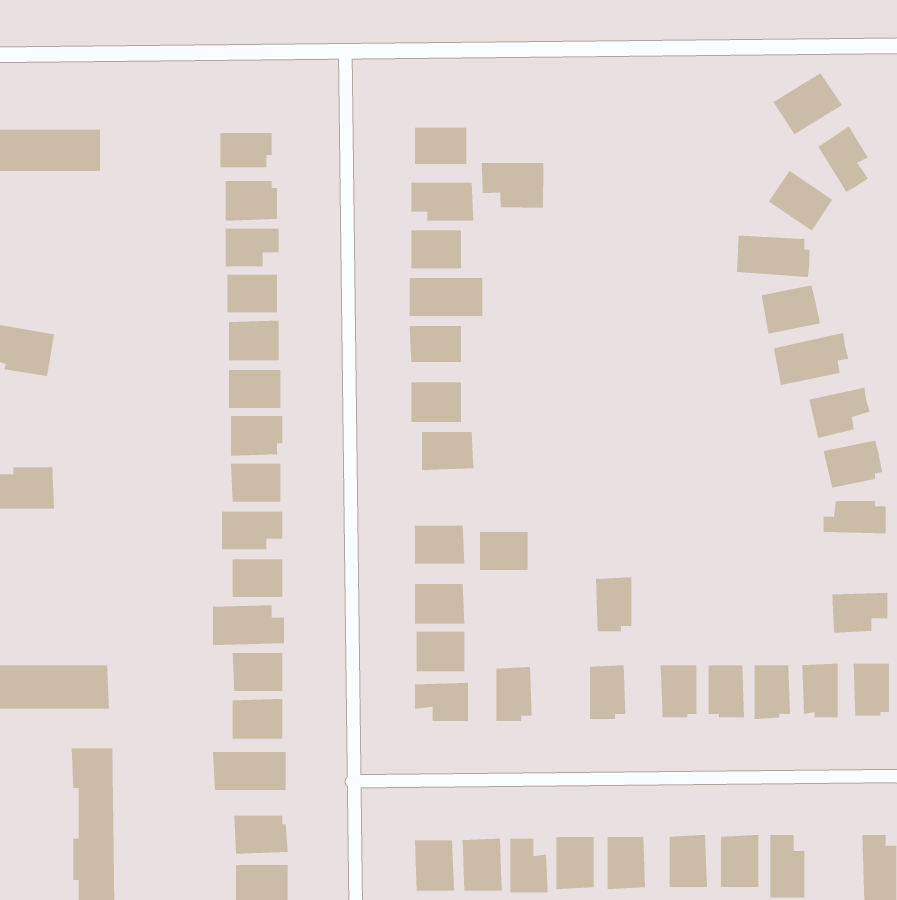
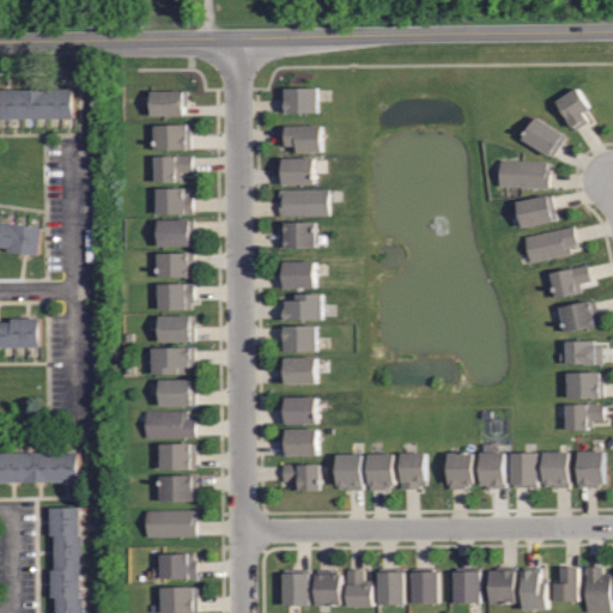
building: [772,72,843,135] -> none
building: [481,162,544,209] -> none
building: [479,532,529,571] -> [280,326,314,352]
building: none -> [564,372,601,397]
building: [595,577,632,632] -> [366,454,392,491]
building: none -> [551,566,577,602]

